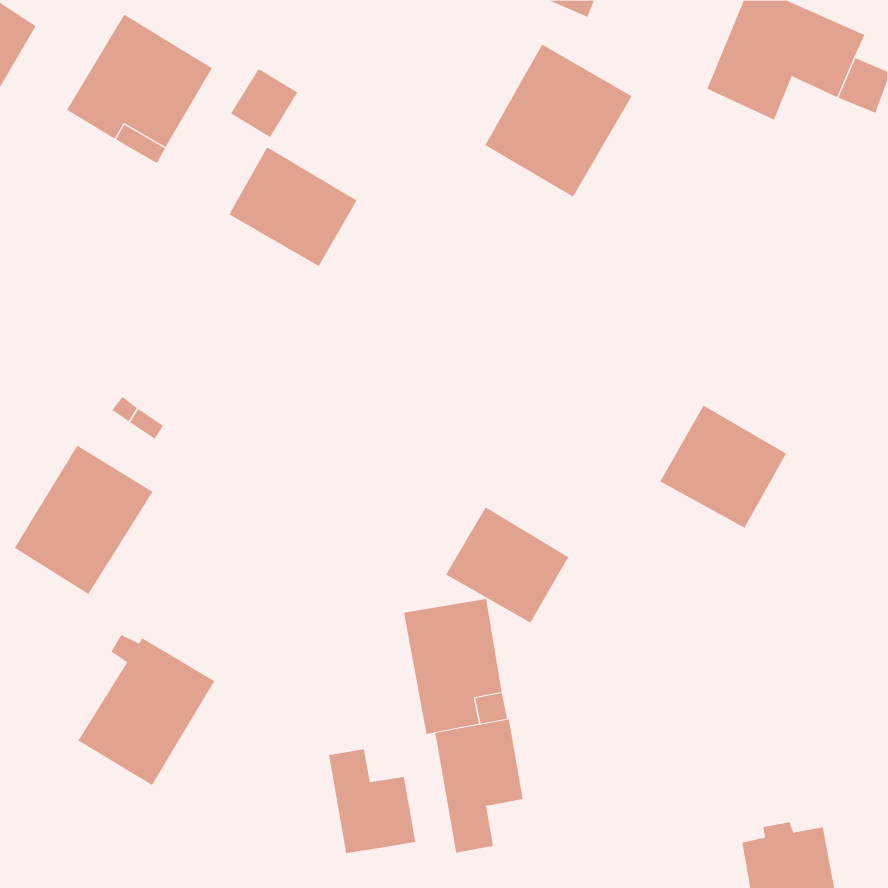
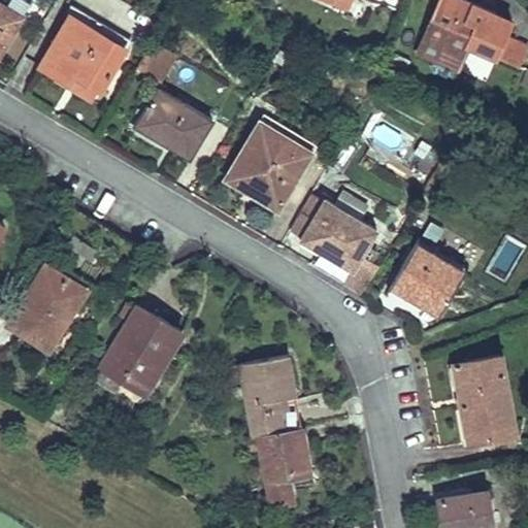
building: [484,44,633,197] -> [225,121,312,211]
building: [445,507,569,624] -> [301,201,374,270]
building: none -> [454,356,516,443]
building: [77,634,215,786] -> [100,305,182,395]
building: [329,748,416,854] -> none

